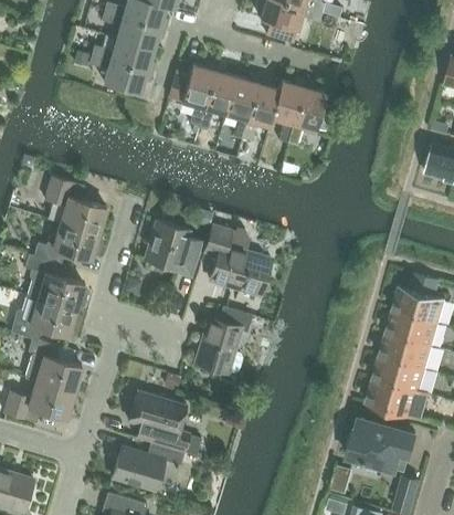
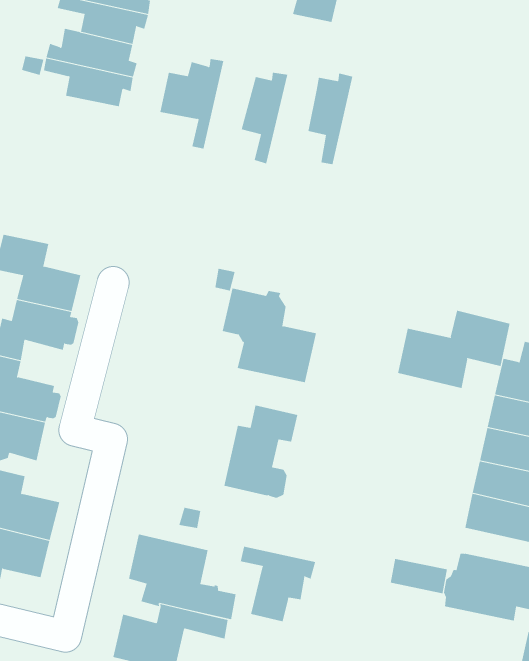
building: [198,64,236,128] -> none
building: [241,76,278,140] -> none
building: [287,81,326,144] -> none
building: [145,221,202,276] -> none
building: none -> [397,310,510,389]
building: none -> [240,546,316,622]
building: none -> [390,558,448,594]

